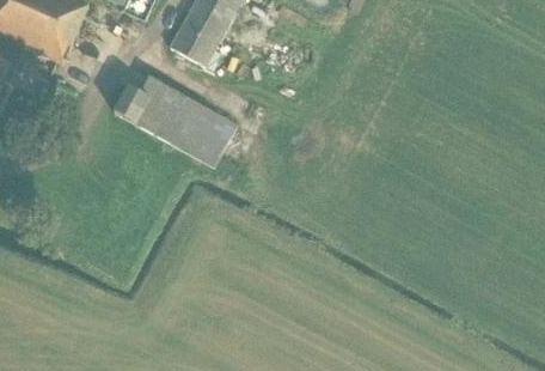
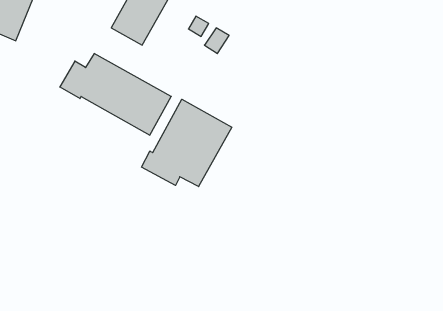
building: none -> [142,99,232,187]

